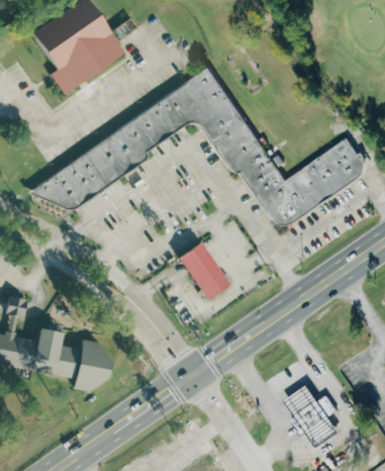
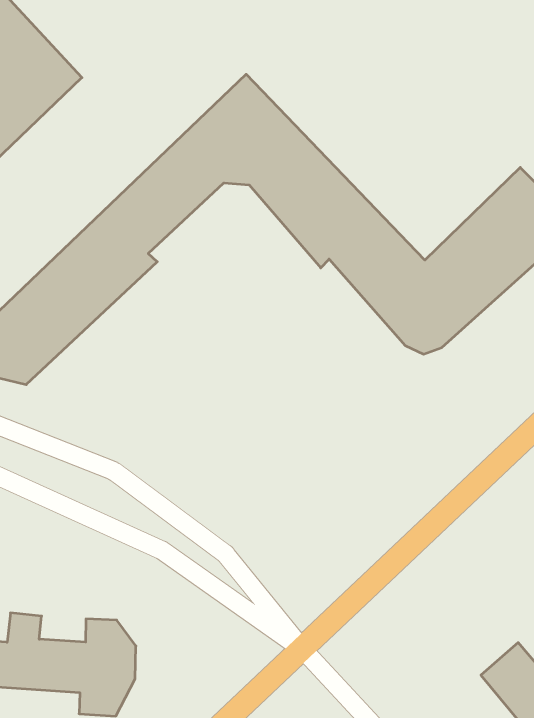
building: [178,243,226,297] -> none

